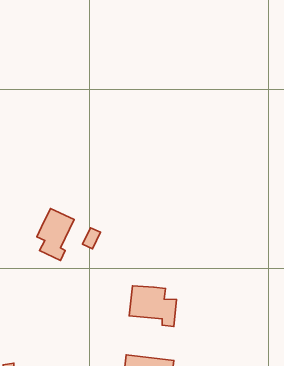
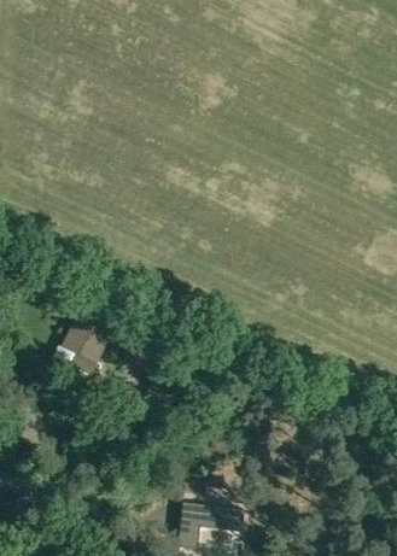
building: [129,286,176,326] -> none

